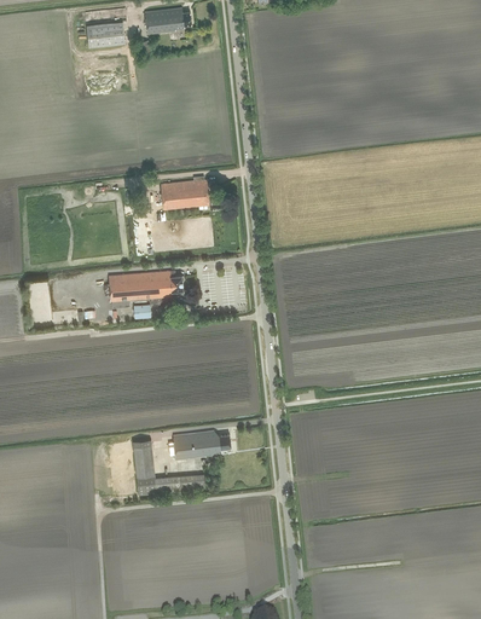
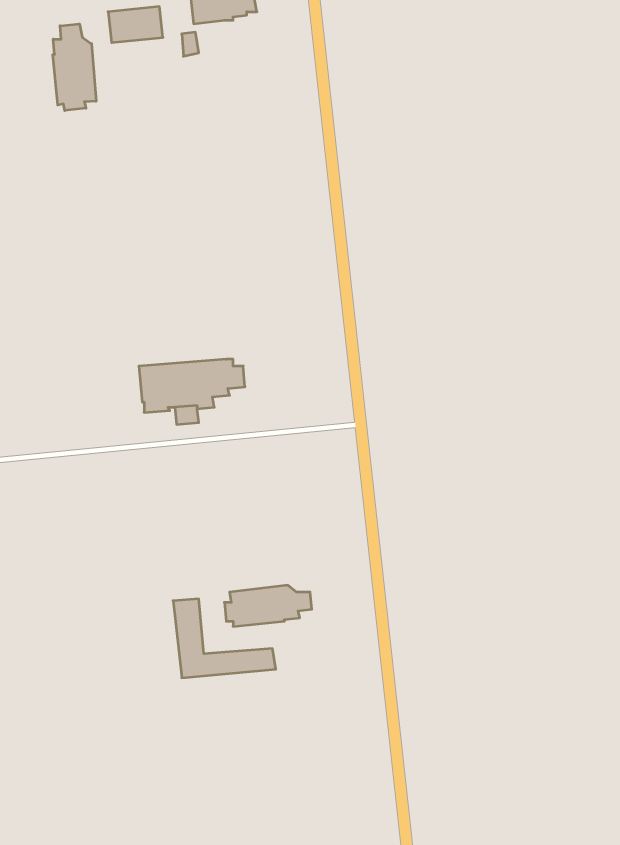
building: none -> [53,24,96,111]
building: [160,177,222,209] -> none

